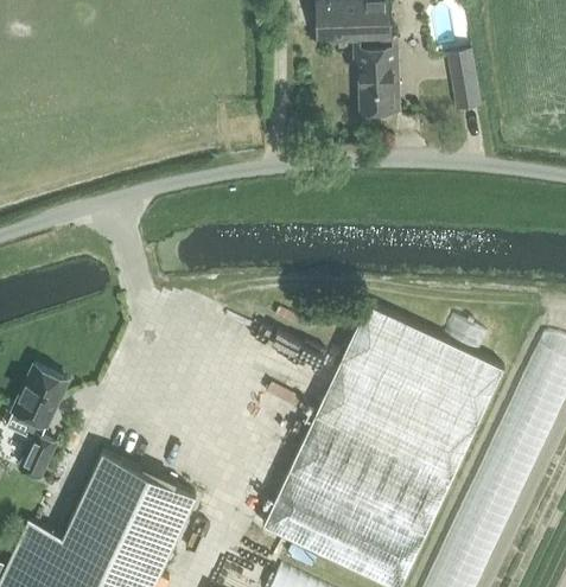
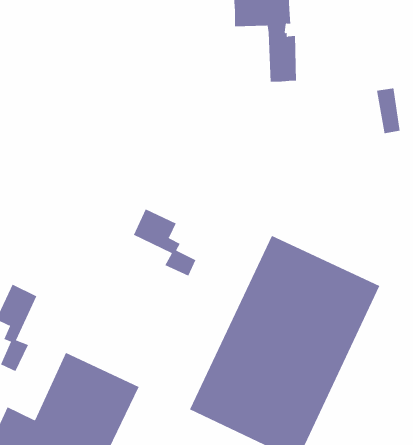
building: [447,52,478,110] -> [376,88,401,134]
building: none -> [133,208,196,277]

